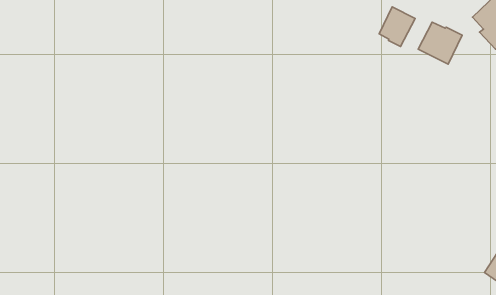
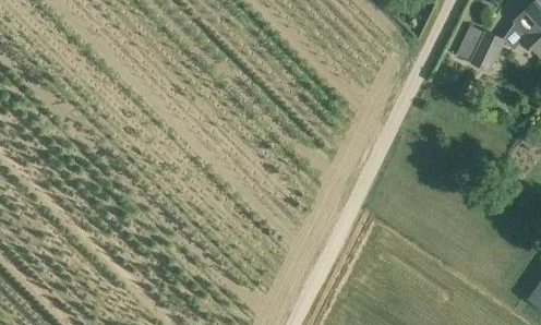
building: [379,7,415,46] -> none

